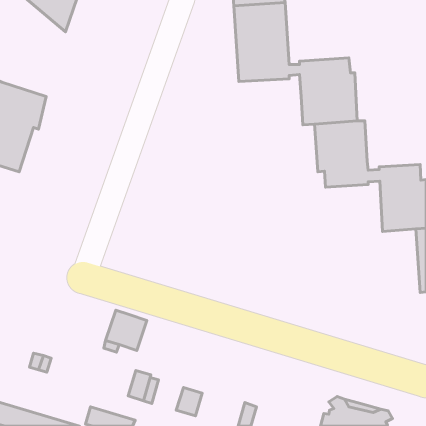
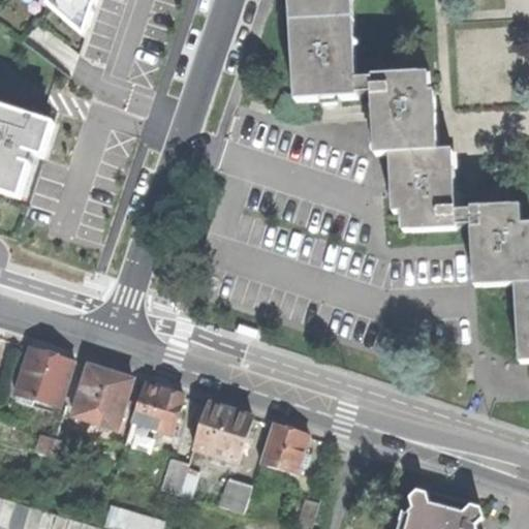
building: none -> [14,346,72,406]
building: none -> [72,365,131,431]
building: none -> [191,402,249,460]
building: none -> [257,423,307,472]

